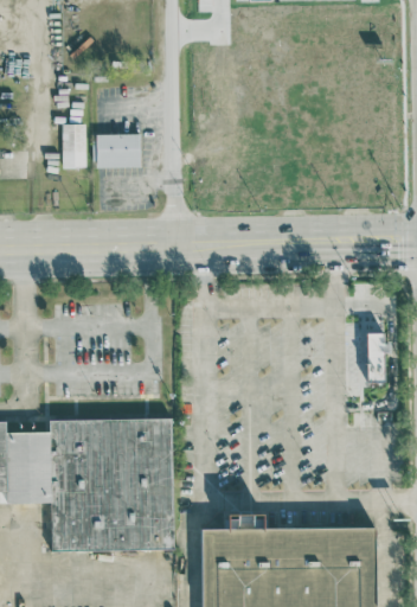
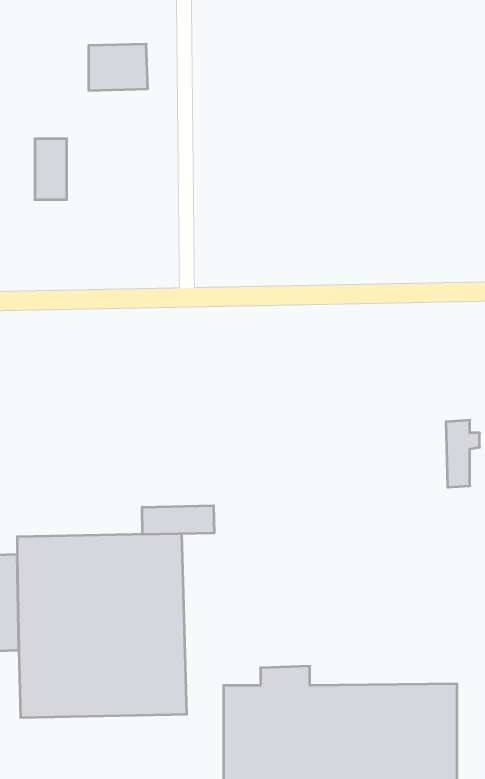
building: [96,133,140,167] -> [89,44,148,90]
building: none -> [142,506,214,534]

